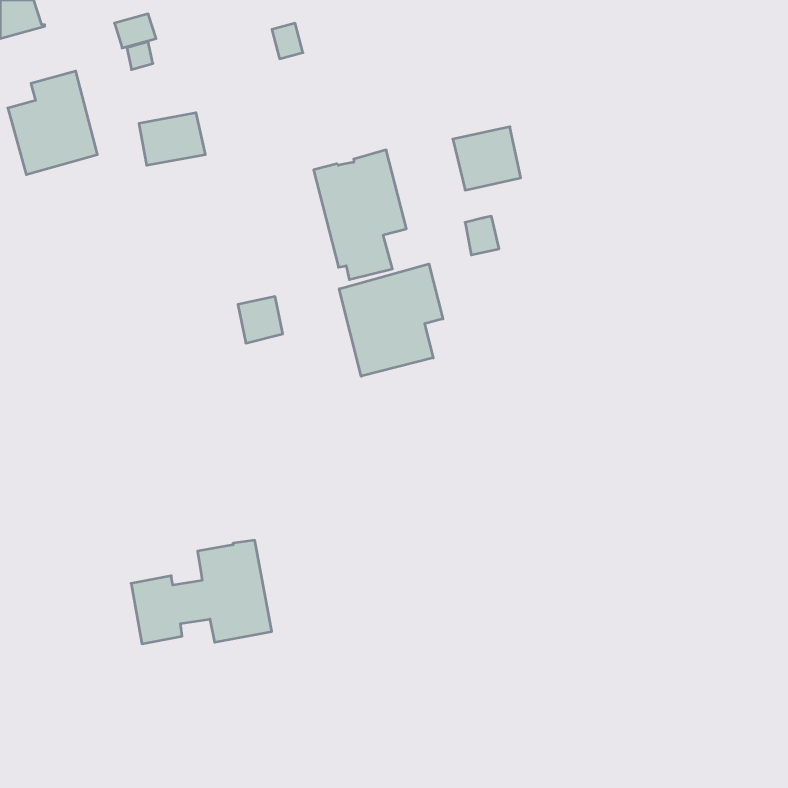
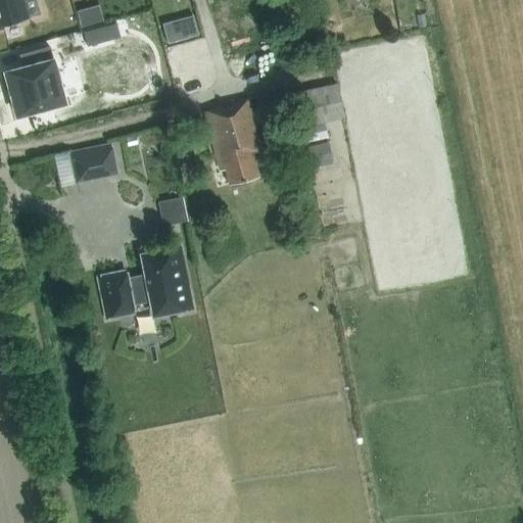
building: [139,113,205,165] -> [73,145,116,180]
building: [339,264,443,376] -> none
building: [131,540,272,644] -> [98,248,191,317]

